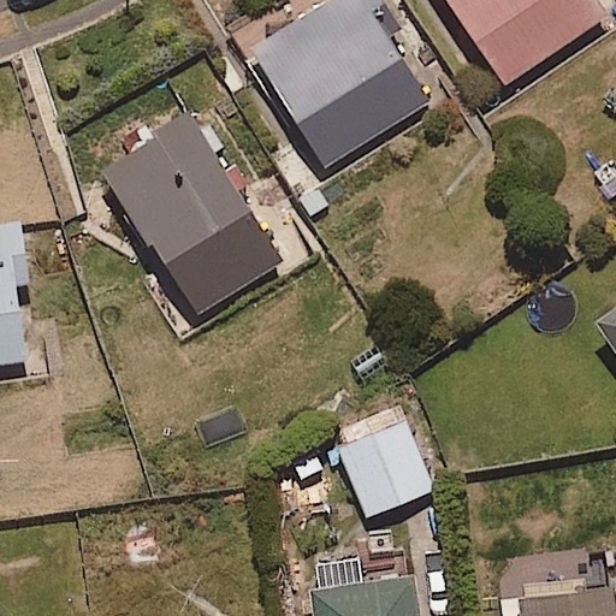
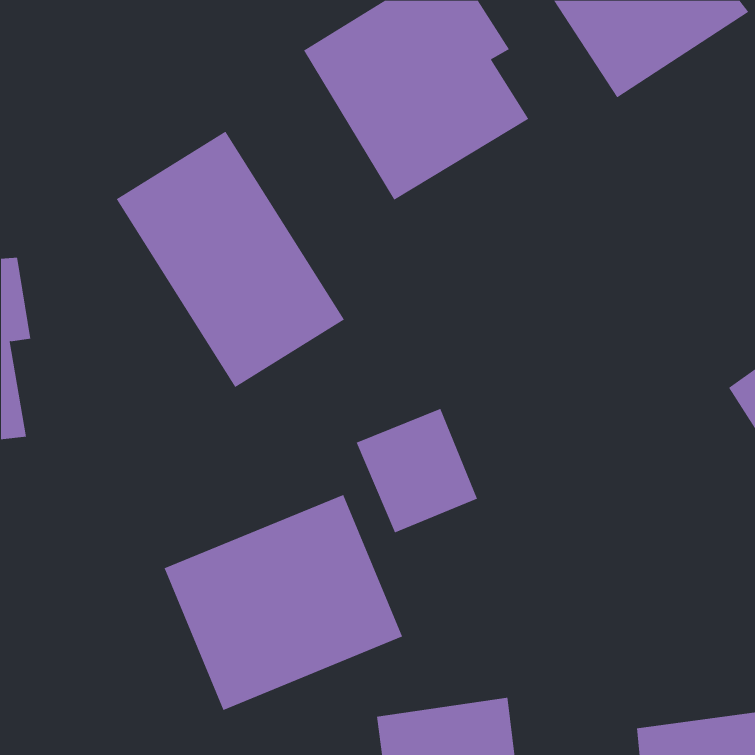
building: none -> [164,494,403,711]
building: [336,417,434,519] -> [356,408,478,533]

